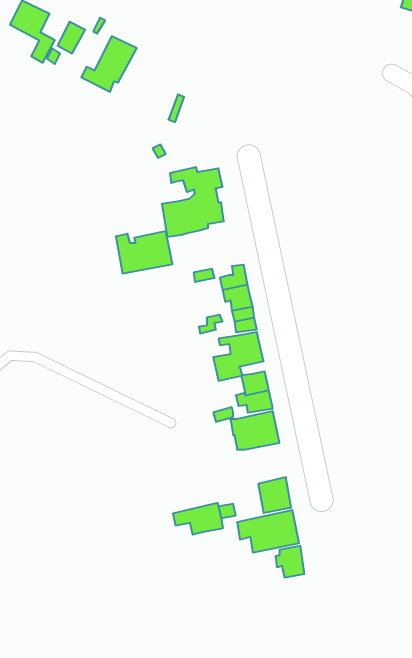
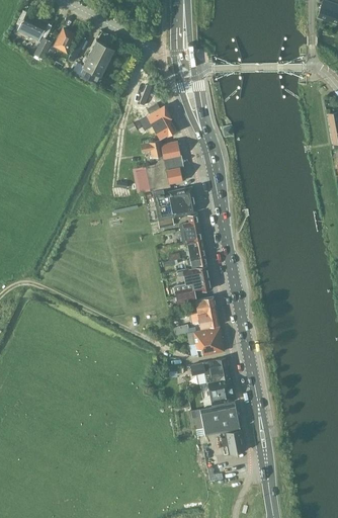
building: none -> [136,106,176,138]
building: [116,231,173,273] -> [153,186,196,219]
building: [173,503,223,535] -> [190,358,229,382]

